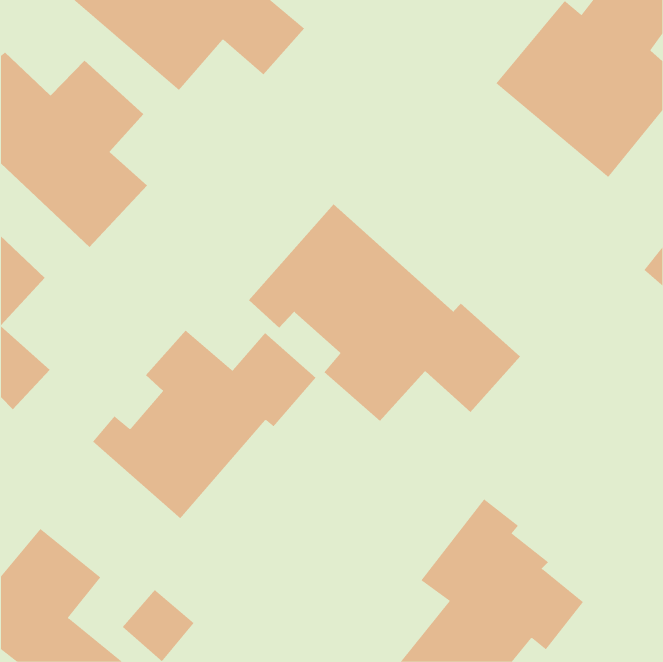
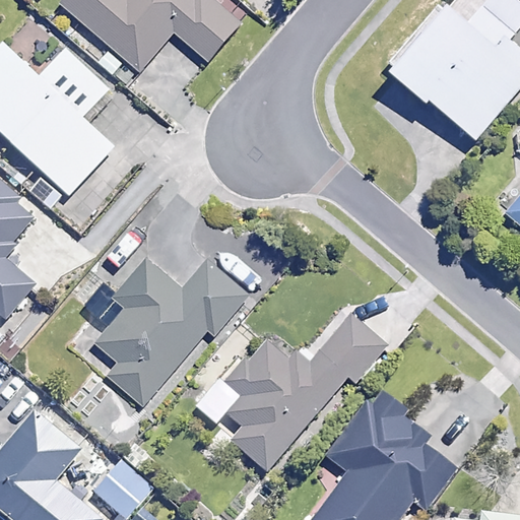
building: [248,204,521,422] -> none
building: none -> [224,316,384,470]

